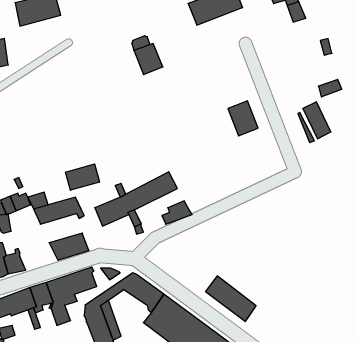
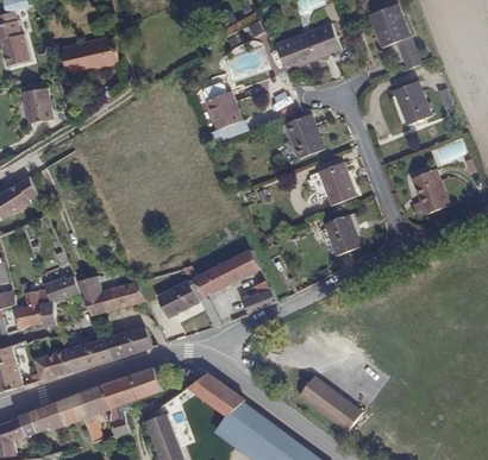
building: none -> [389,78,427,125]
building: none -> [286,115,326,162]
building: none -> [329,215,363,257]
building: [66,164,99,190] -> none
building: none -> [68,338,114,371]

